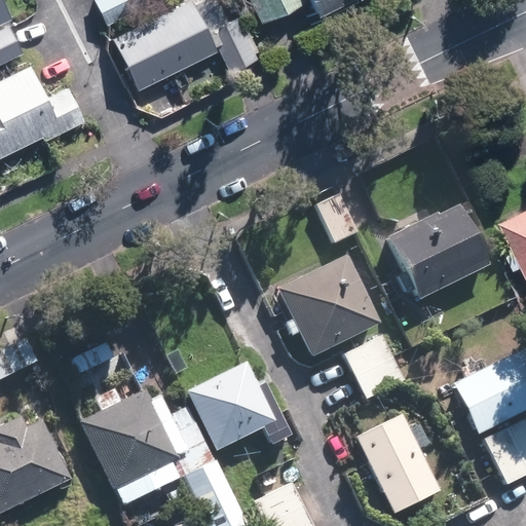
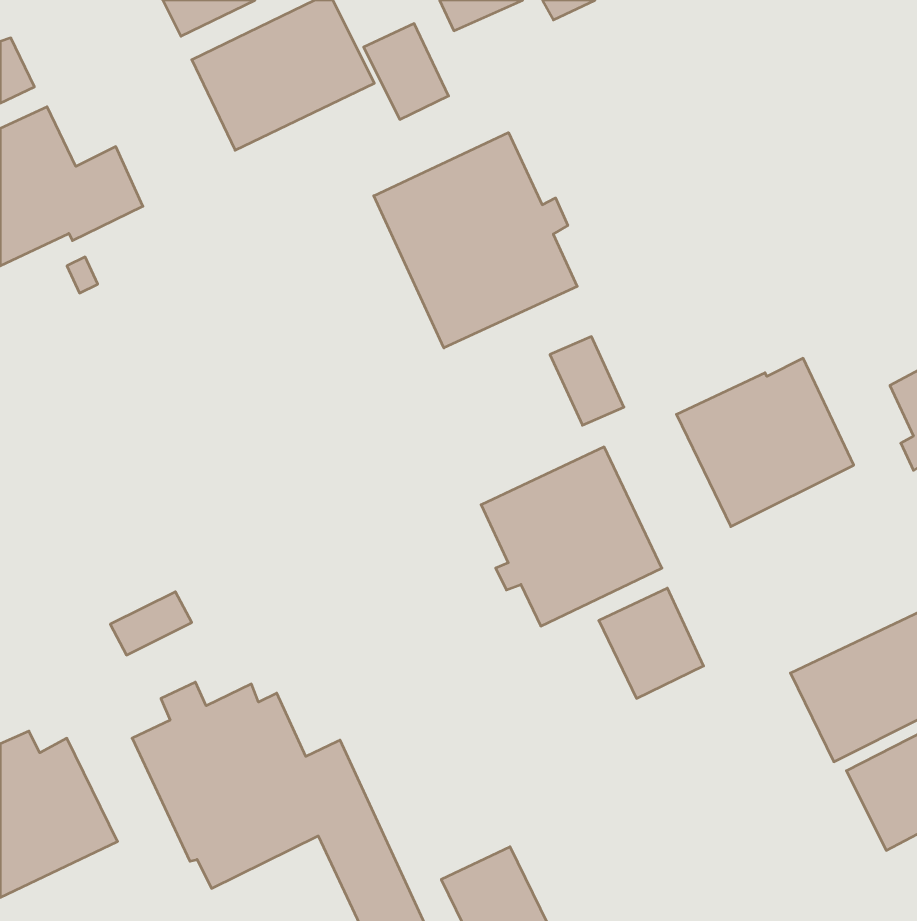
building: none -> [374,133,577,348]
building: [186,364,290,451] -> none
building: [355,415,441,514] -> none

